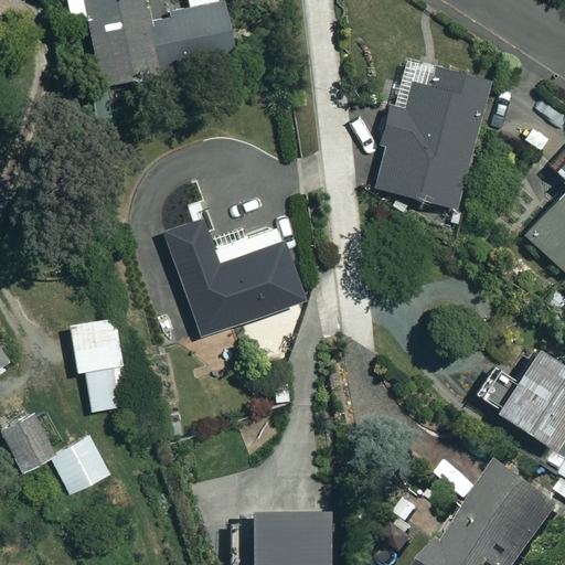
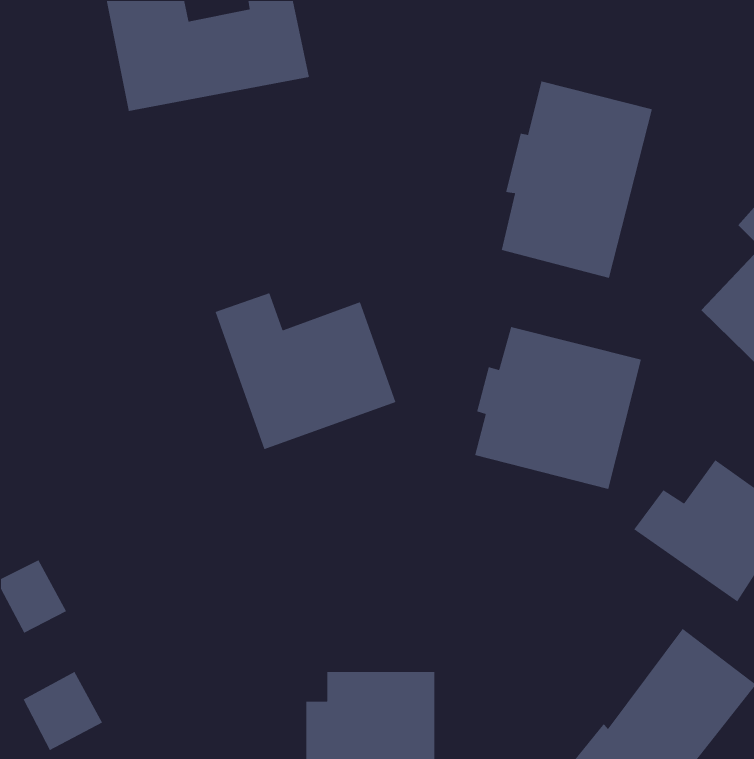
building: none -> [474,326,642,490]
building: [73,321,127,431] -> none
building: [53,437,113,497] -> [23,671,103,751]

